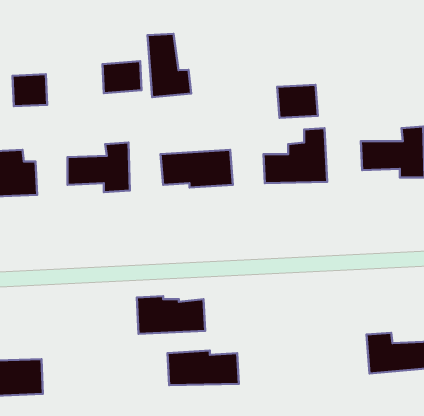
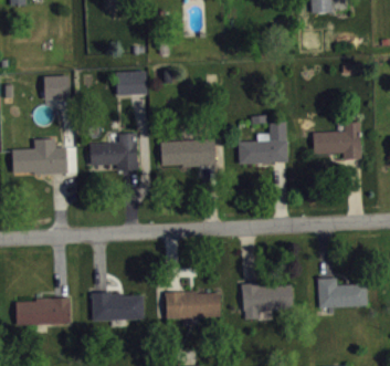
building: [147,34,191,97] -> none
building: [277,85,318,118] -> none
building: [137,296,205,334] -> [92,292,144,321]
building: none -> [241,283,293,318]

